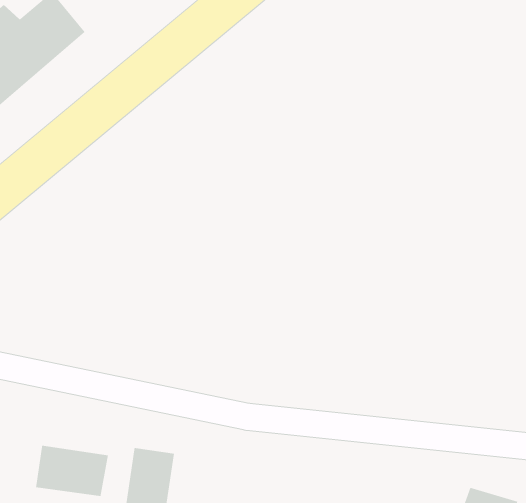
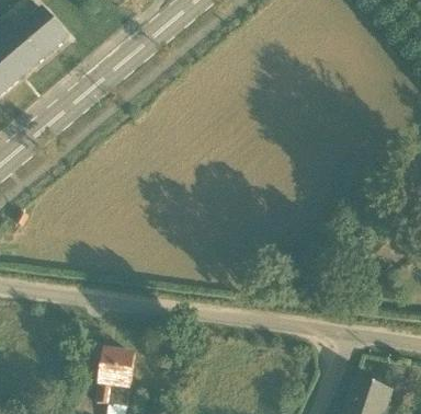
building: [35,445,108,497] -> none

